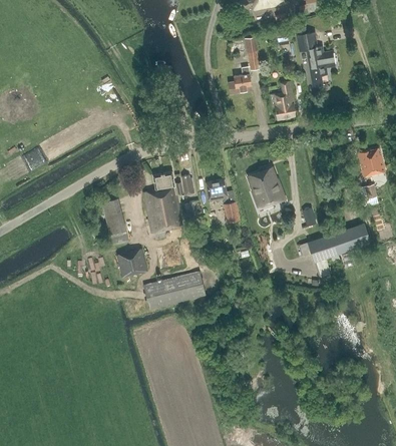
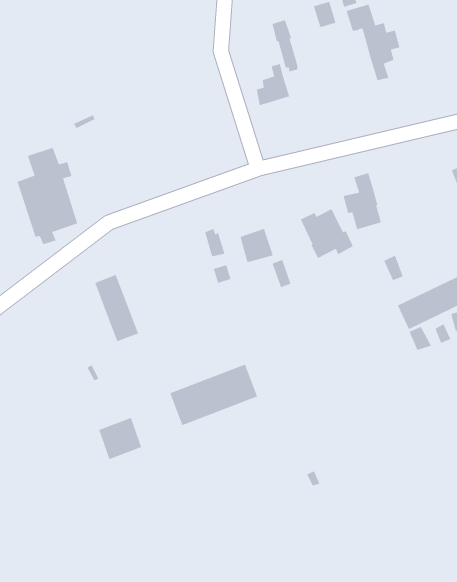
building: [270,80,295,119] -> [342,172,382,230]
building: [143,171,182,239] -> [17,147,78,245]
building: [117,249,146,277] -> [98,417,142,460]

